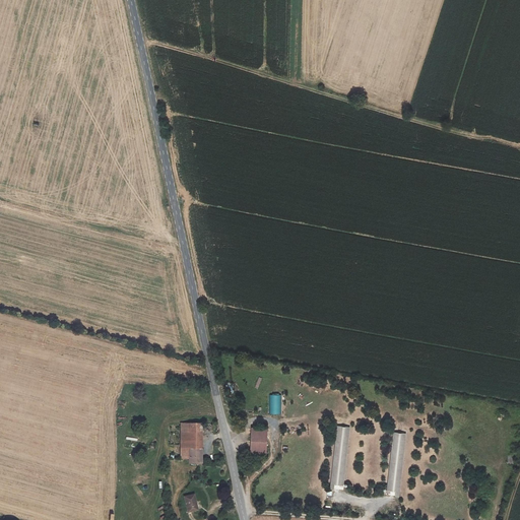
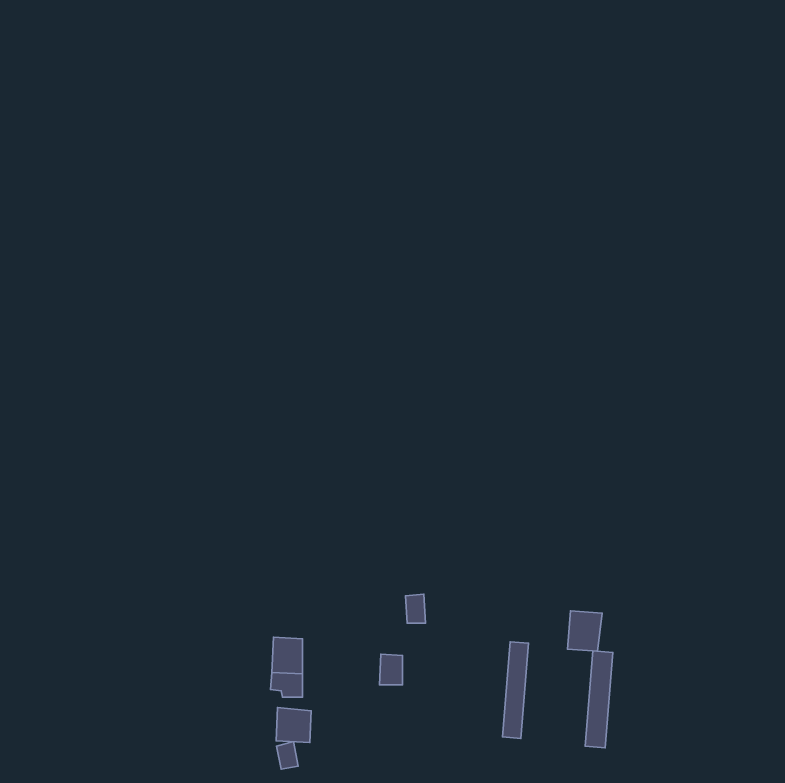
building: none -> [568,611,602,651]
building: none -> [276,707,311,742]

